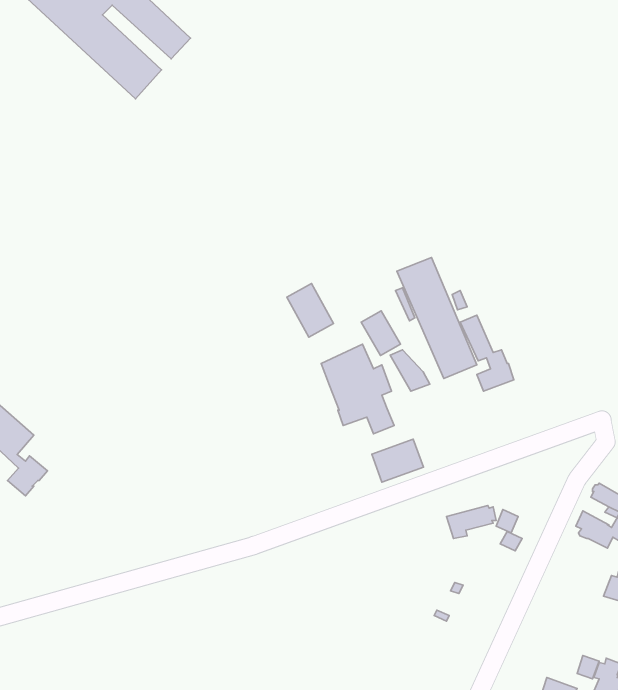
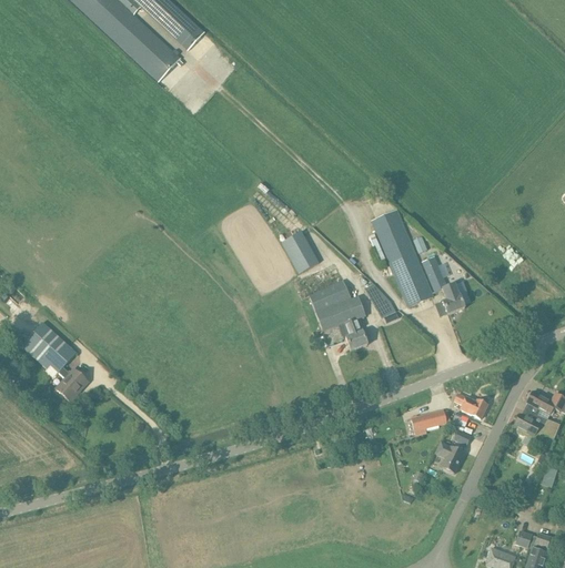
building: [361,311,400,356] -> none
building: [372,439,423,482] -> none
building: none -> [453,392,487,418]
building: none -> [434,440,464,473]

